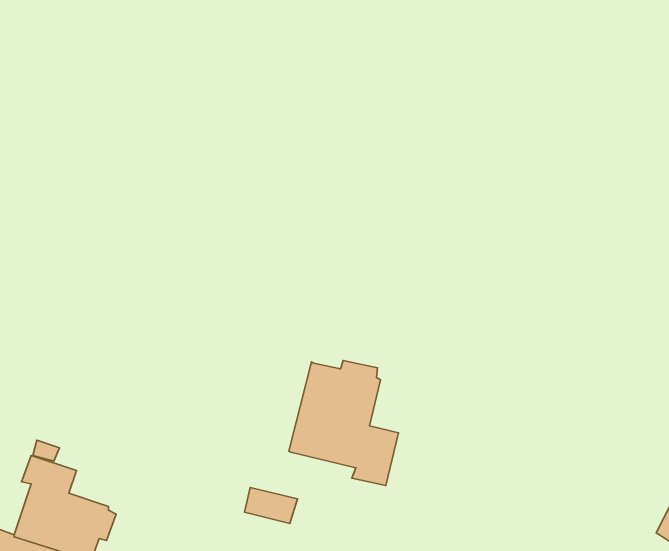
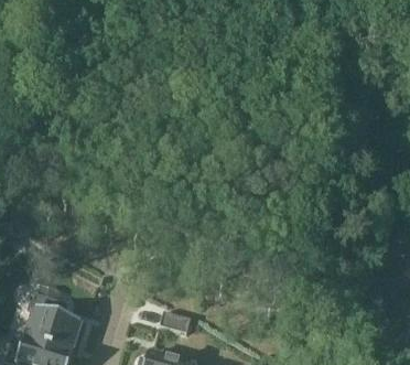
building: [289,360,398,486] -> none

